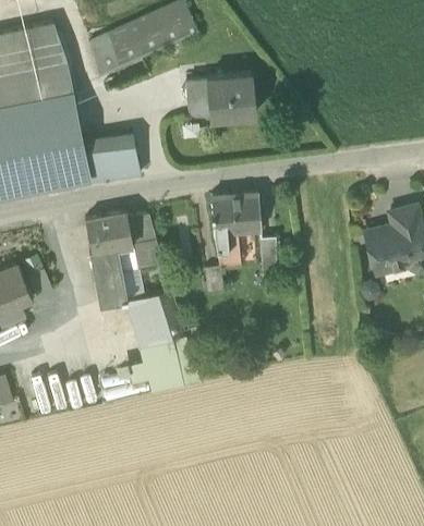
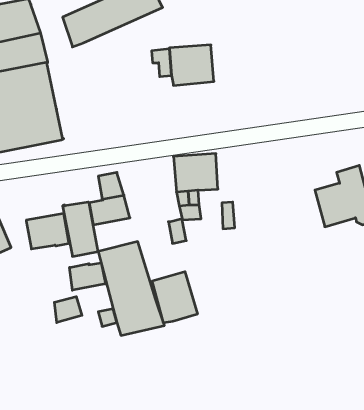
building: [82,136,141,181] -> none
building: [85,211,133,250] -> [26,213,70,249]
building: none -> [70,263,105,290]
building: none -> [152,272,197,323]
building: none -> [54,297,82,323]

